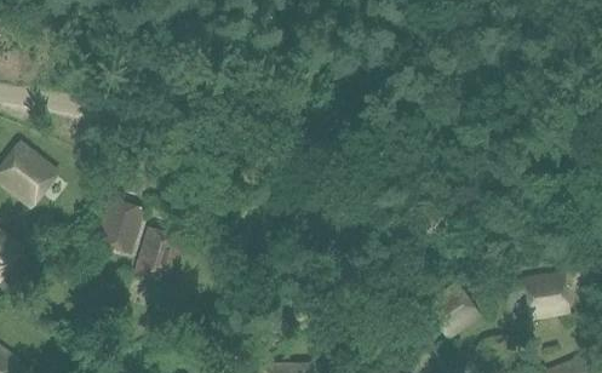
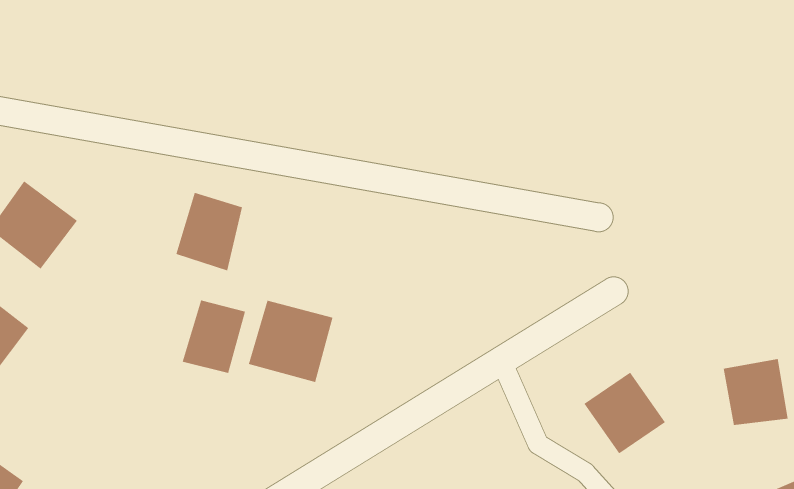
building: [96,197,144,254] -> [176,192,243,271]
building: none -> [248,300,333,383]

